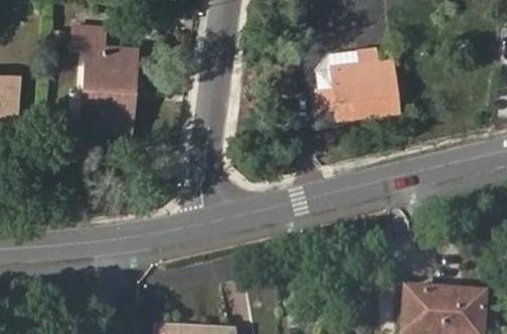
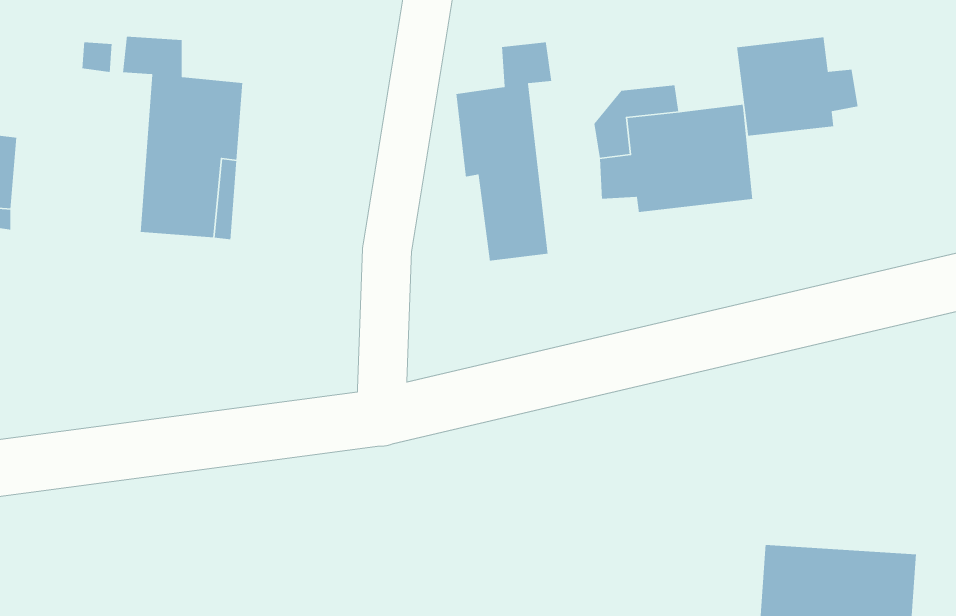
building: none -> [736,36,859,137]
building: none -> [455,41,552,261]

